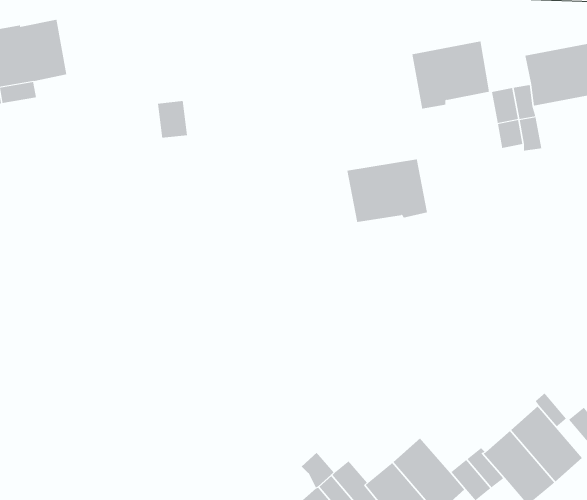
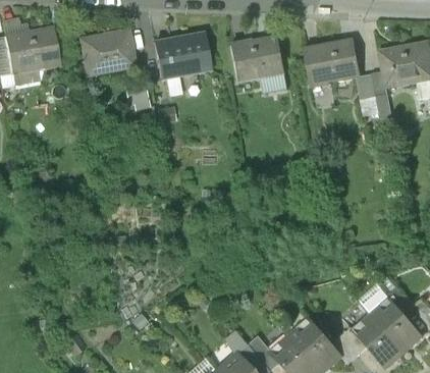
building: none -> [82,29,137,73]
building: none -> [154,33,210,77]
building: [346,159,428,223] -> [229,36,286,81]

